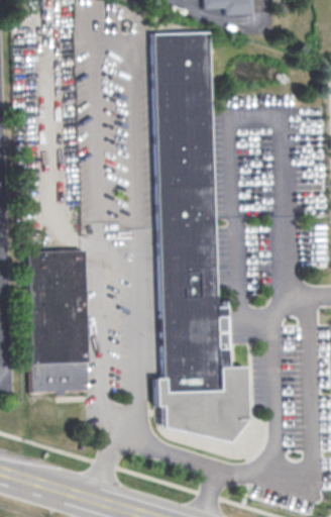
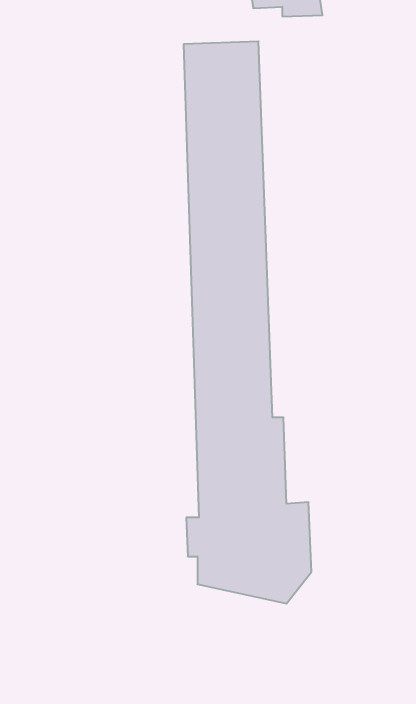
building: [26,249,87,393] -> none

